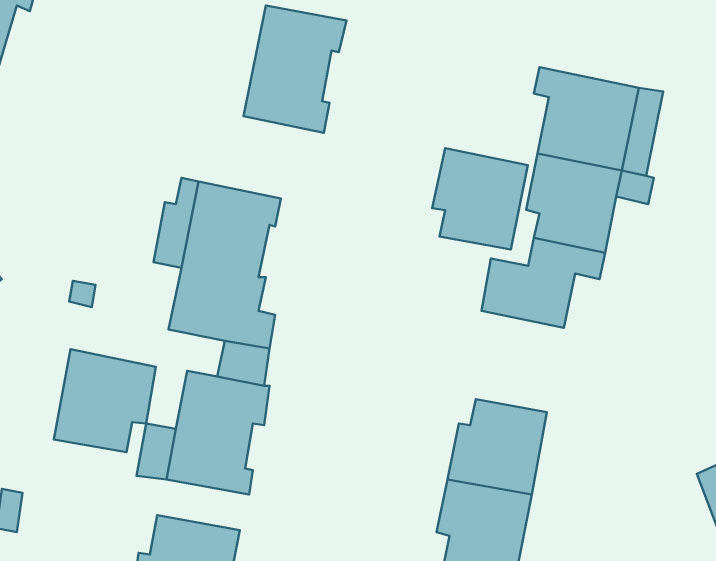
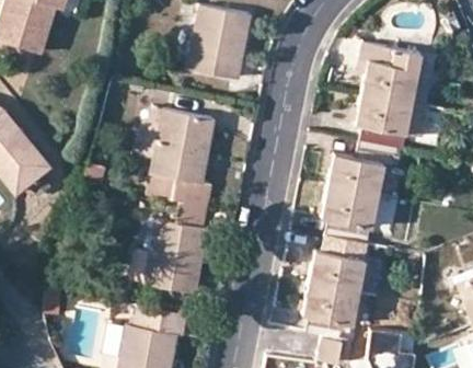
building: [432,148,528,250] -> [323,184,379,243]
building: [54,349,156,452] -> none

